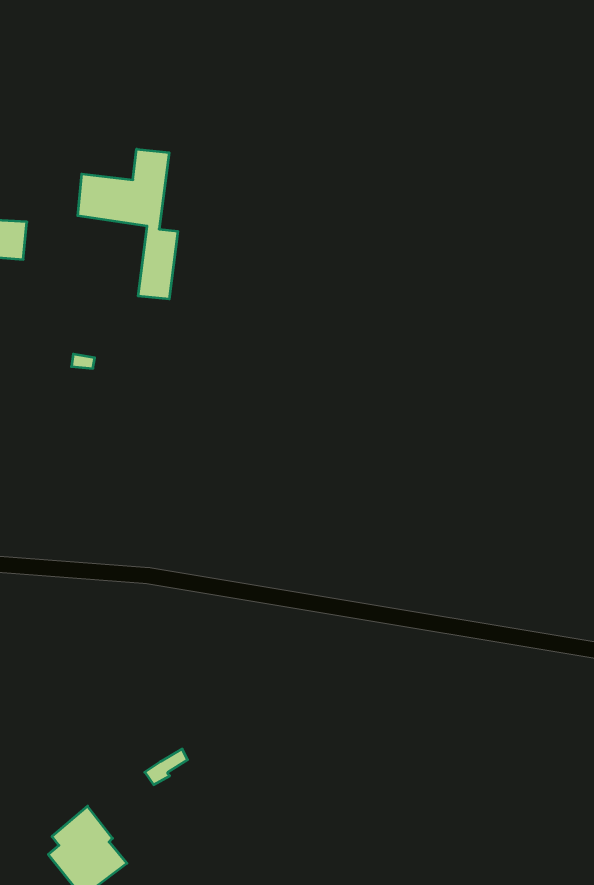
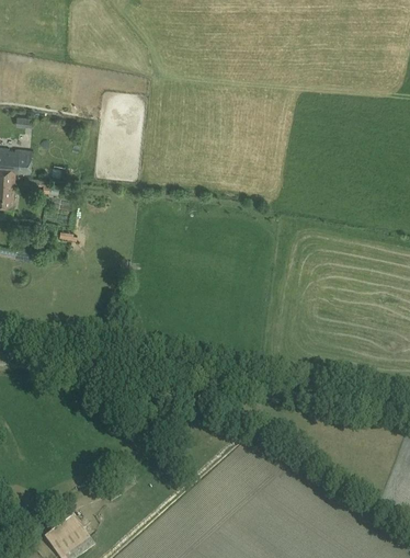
building: [78,149,178,299] -> none

